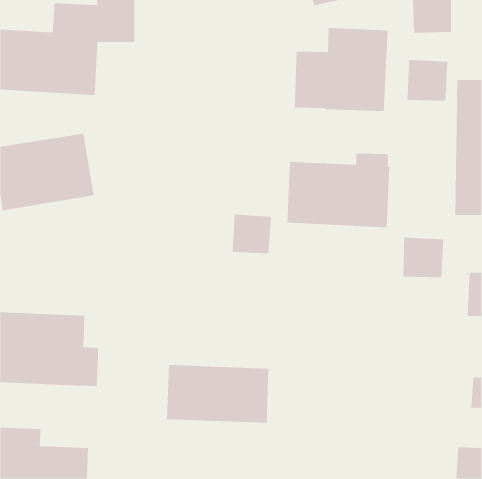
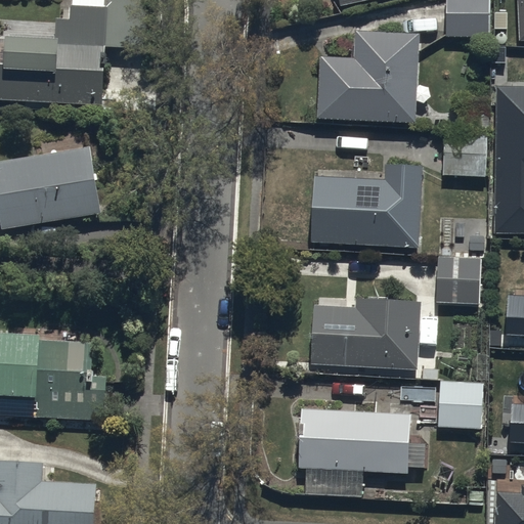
building: [406,60,448,101] -> [442,130,487,175]
building: [232,214,271,254] -> none
building: none -> [312,300,422,370]
building: none -> [437,382,484,426]
building: [166,365,269,423] -> [299,409,410,473]

